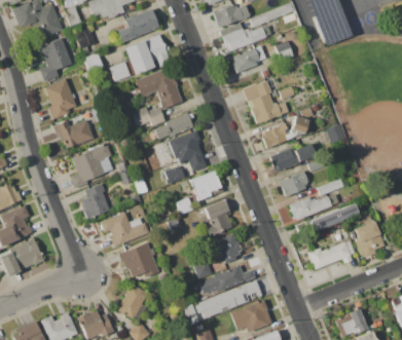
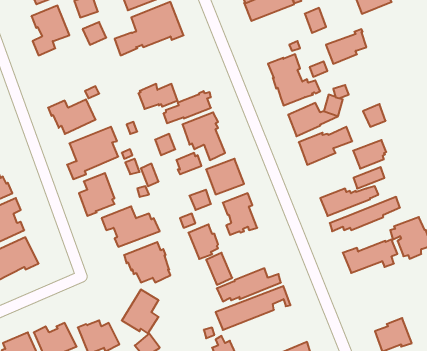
building: [230,43,265,73] -> [326,29,366,64]
building: [134,67,182,109] -> none
building: [43,78,76,119] -> none
building: [279,172,307,196] -> [353,140,386,169]
building: [215,233,241,263] -> [188,224,218,259]
building: [229,300,271,332] -> none

